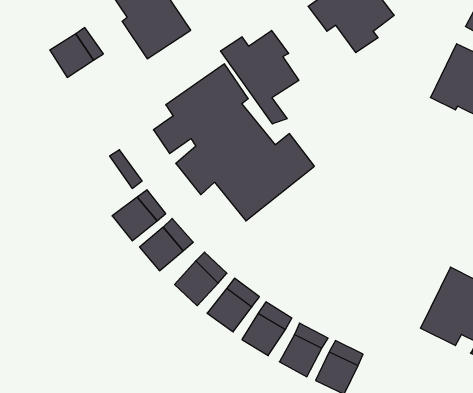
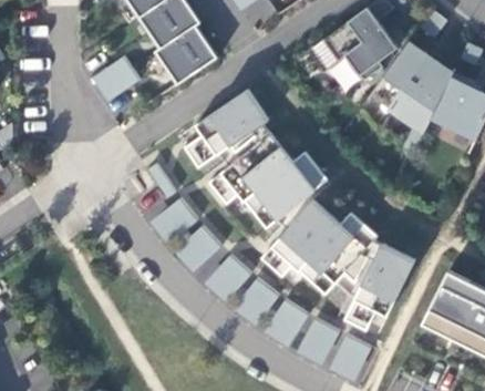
building: none -> [372,40,454,132]
building: [221,30,299,124] -> none
building: none -> [261,199,415,329]

